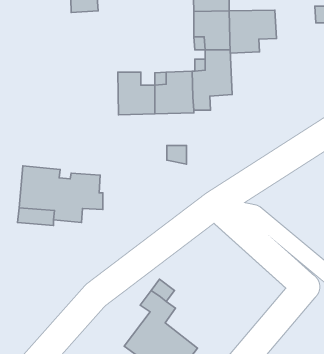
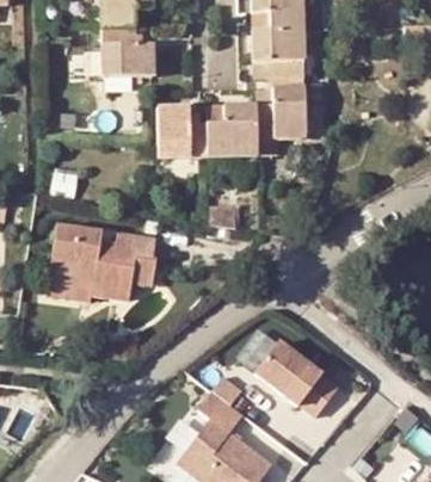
building: [229,10,276,53] -> none
building: none -> [103,27,156,76]
building: none -> [252,336,334,413]

